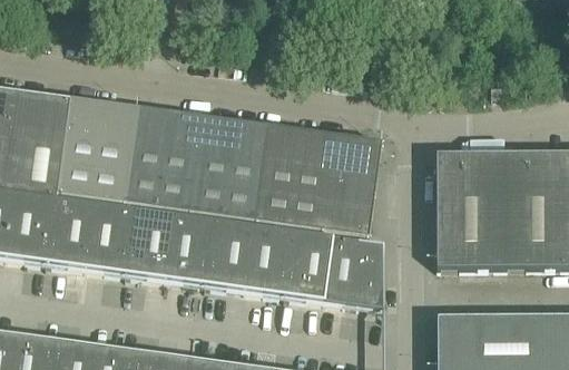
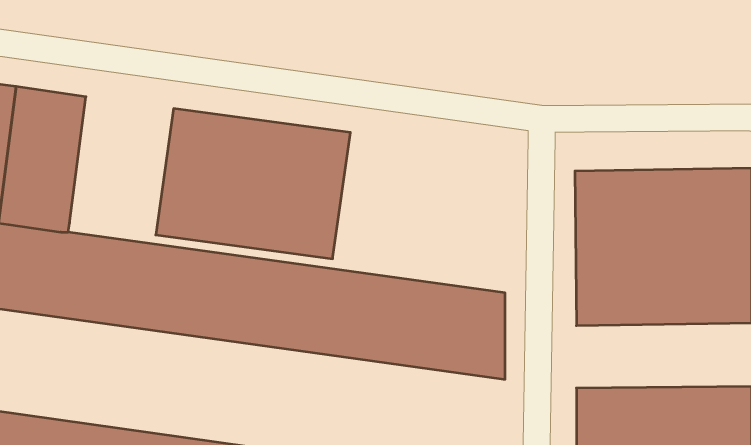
building: [57,96,135,199] -> none
building: [254,123,381,233] -> none

